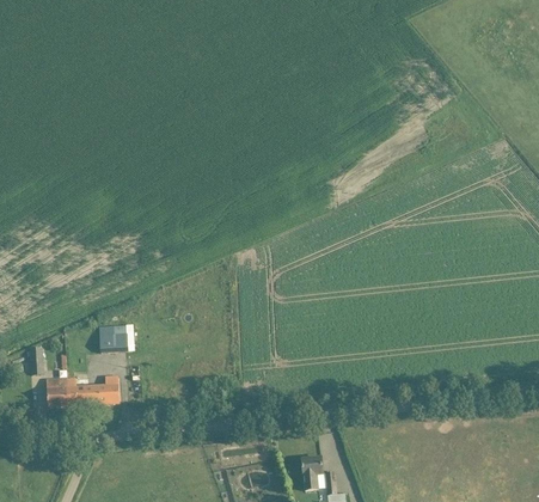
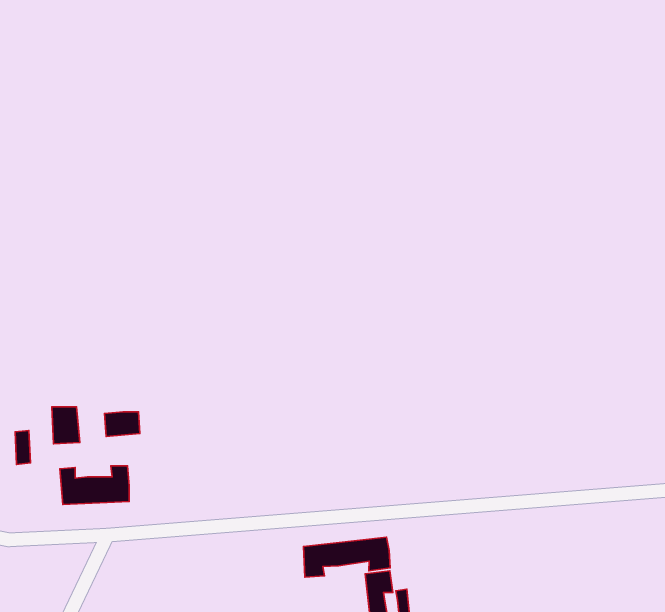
building: [45,376,67,405] -> [52,407,80,444]
building: none -> [303,537,390,577]

